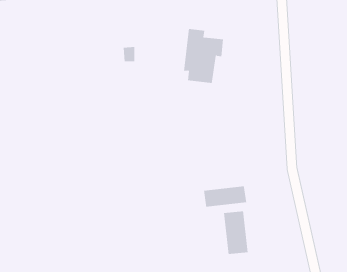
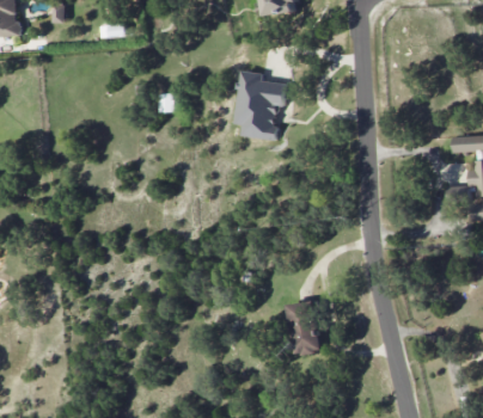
building: [203,185,247,208] -> none

